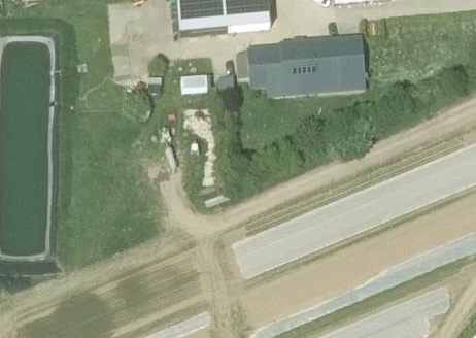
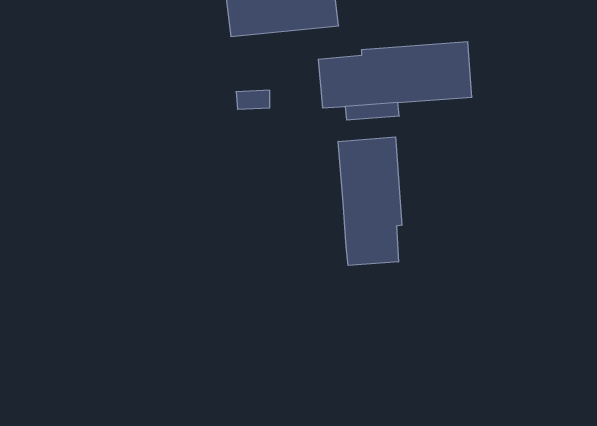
building: none -> [338,137,402,265]

